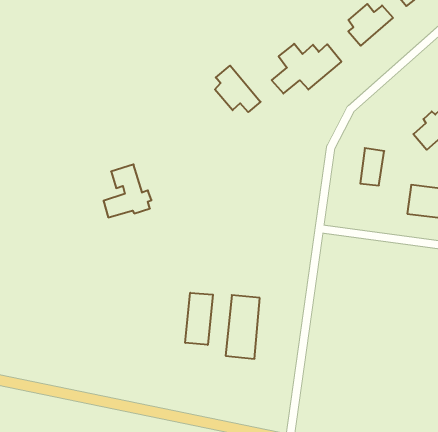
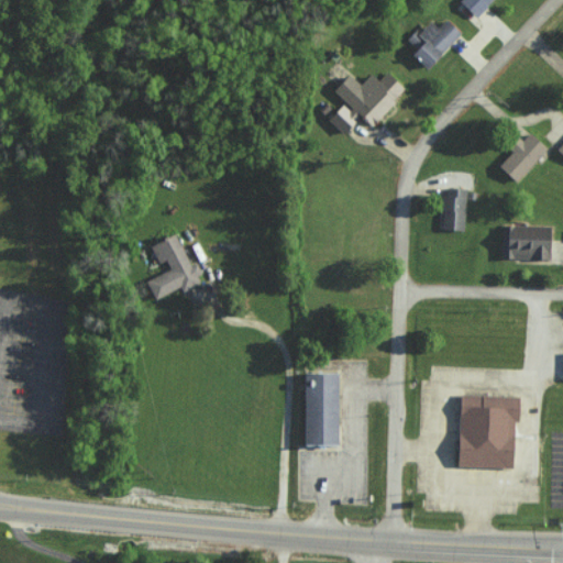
building: [215,66,261,112] -> none
building: [185,293,213,345] -> none
building: none -> [459,396,521,470]

